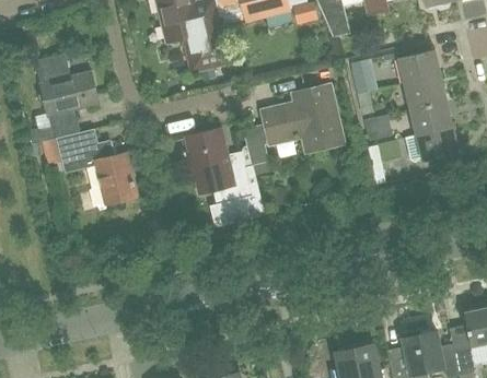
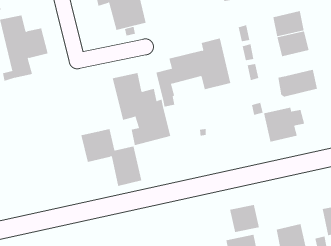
building: [409,99,452,133] -> none
building: [55,128,137,204] -> [81,129,142,186]
building: none -> [263,107,305,143]
building: none -> [229,204,259,233]

